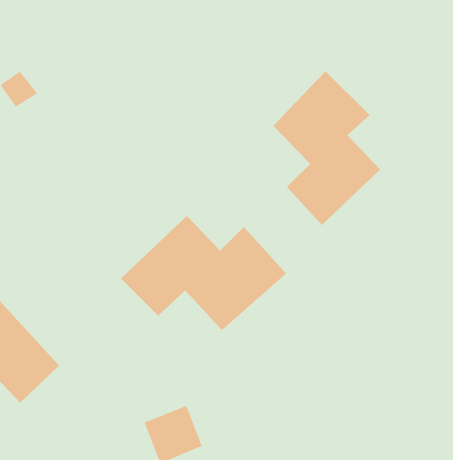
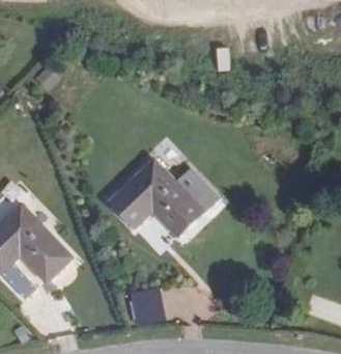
building: [272,71,381,226] -> none

